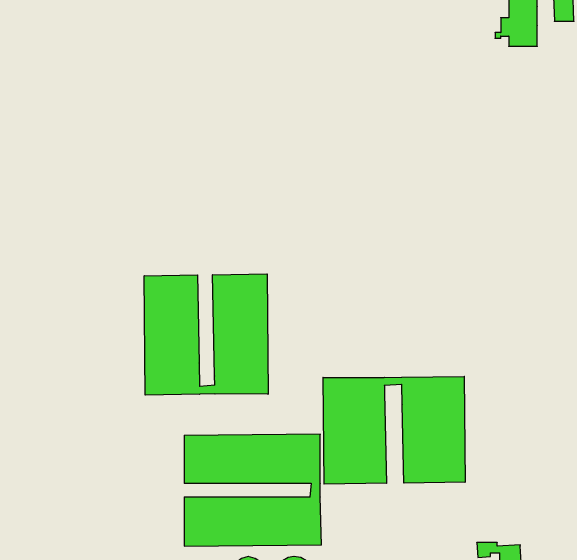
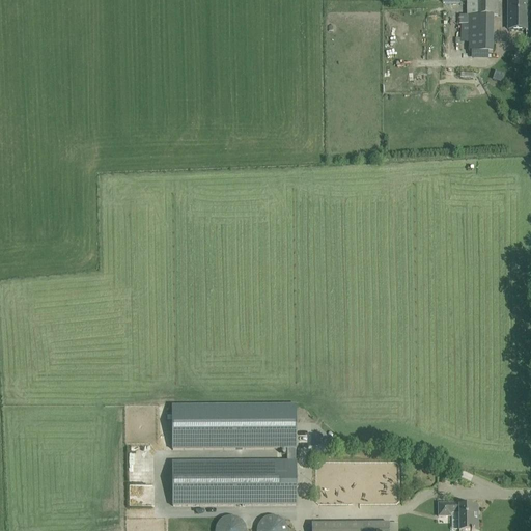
building: [144,274,268,395] -> none
building: [323,376,465,484] -> none

